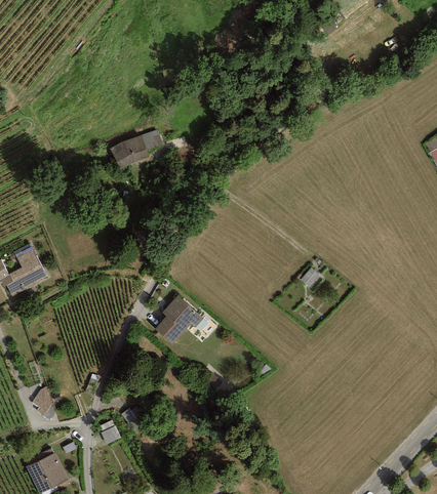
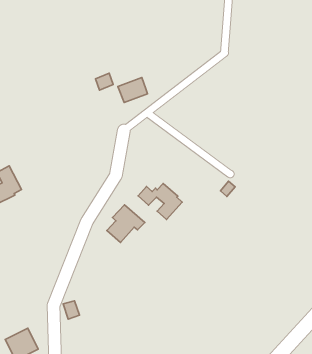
building: [111,135,149,167] -> [118,78,148,103]
building: none -> [138,184,182,219]
building: [33,385,55,419] -> none

